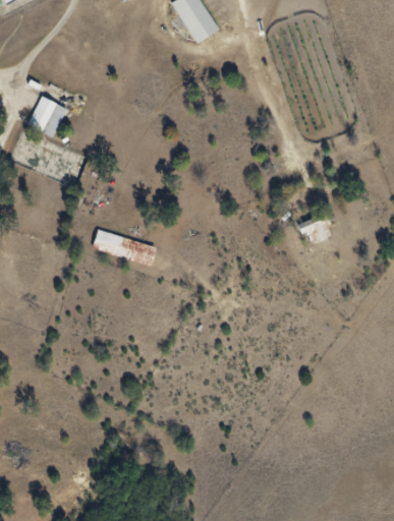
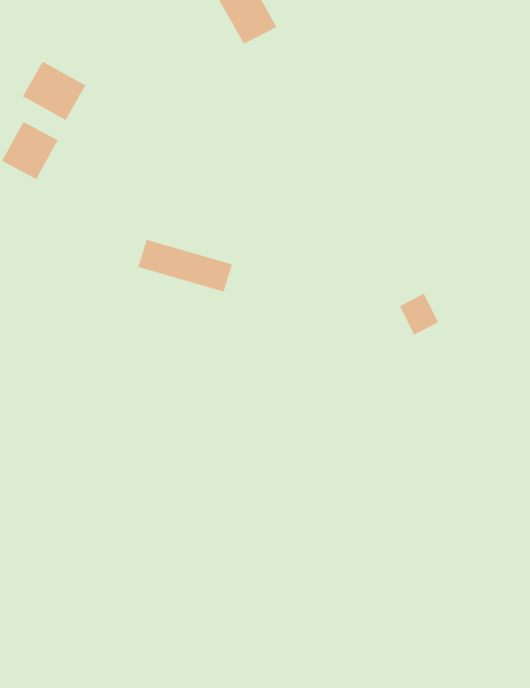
building: none -> [22,61,86,121]
building: [91,229,157,266] -> [137,239,233,292]

